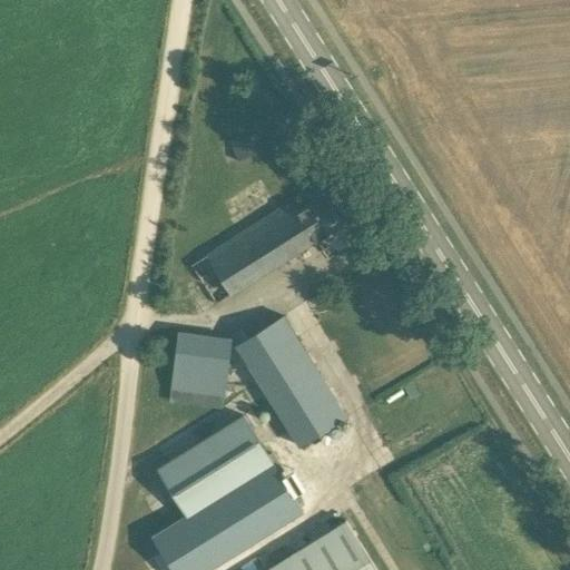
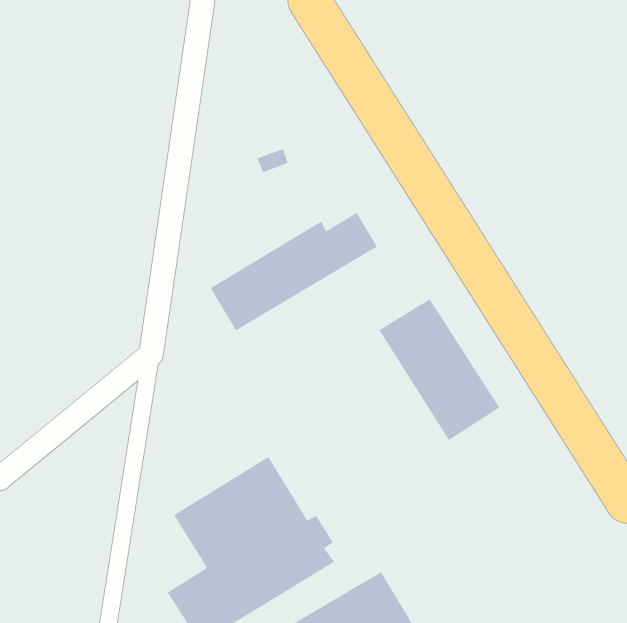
building: [236,318,346,448] -> [379,298,500,441]
building: [171,335,232,397] -> none

